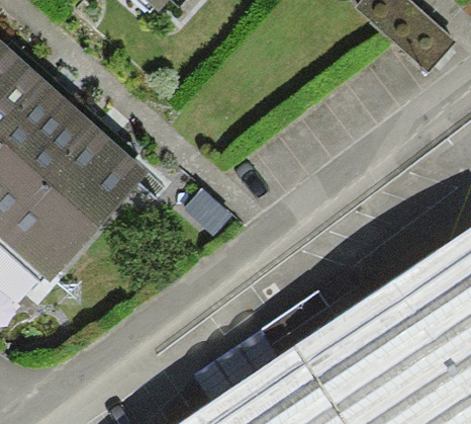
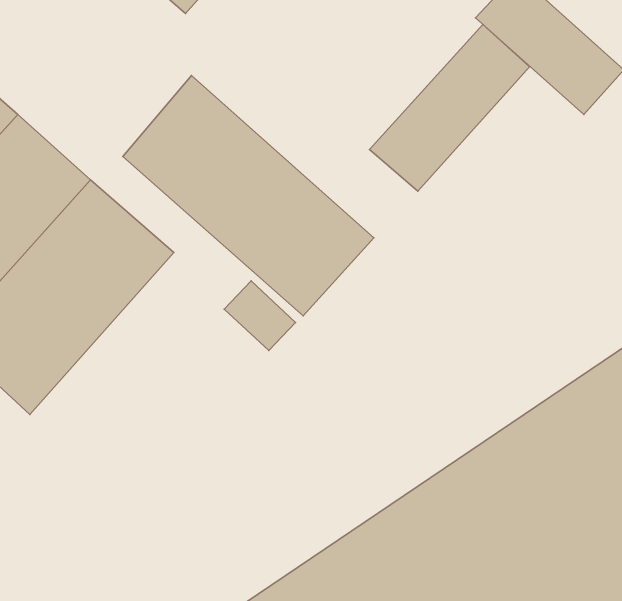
building: none -> [369,25,530,191]
building: none -> [123,76,374,316]

